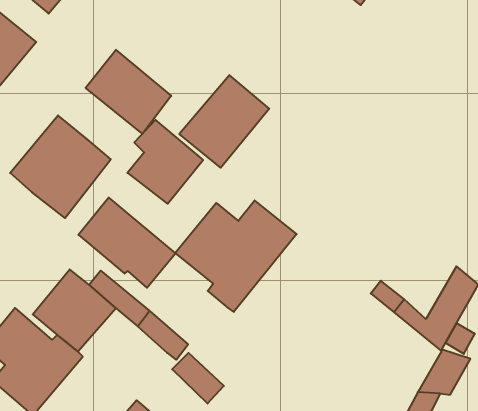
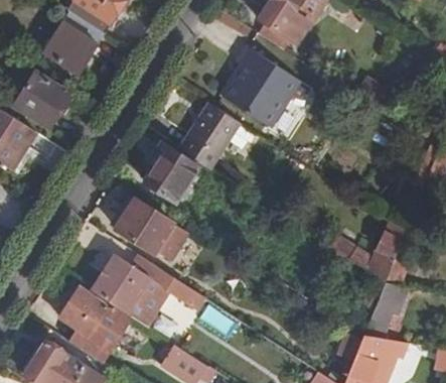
building: none -> [217,48,300,129]
building: [86,50,171,134] -> none
building: [10,115,111,218] -> none
building: [175,200,297,312] -> none
building: none -> [128,277,171,325]

